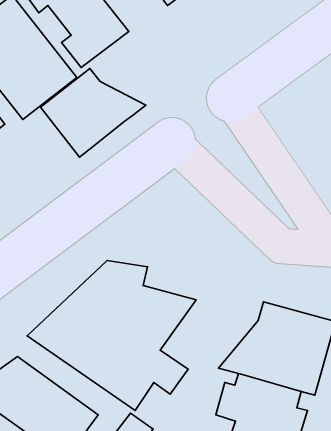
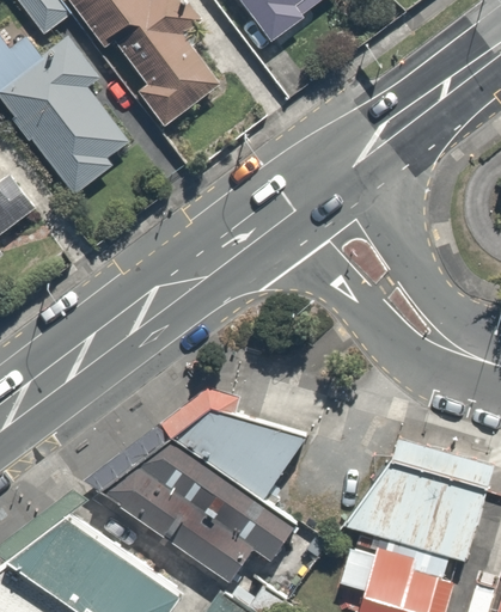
building: [40,69,146,157] -> none

